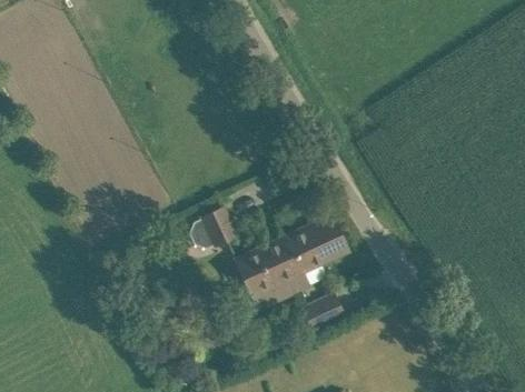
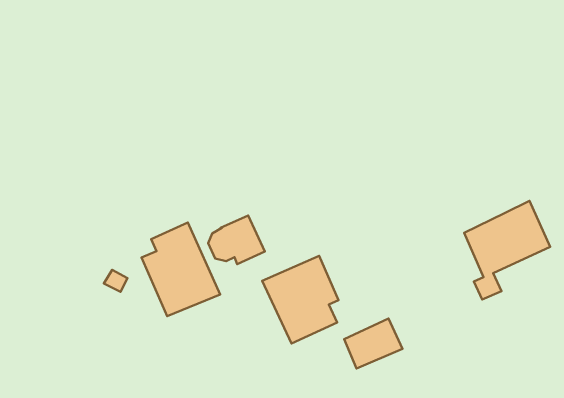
building: none -> [141,222,220,316]
building: [280,214,349,293] -> [464,201,550,300]

